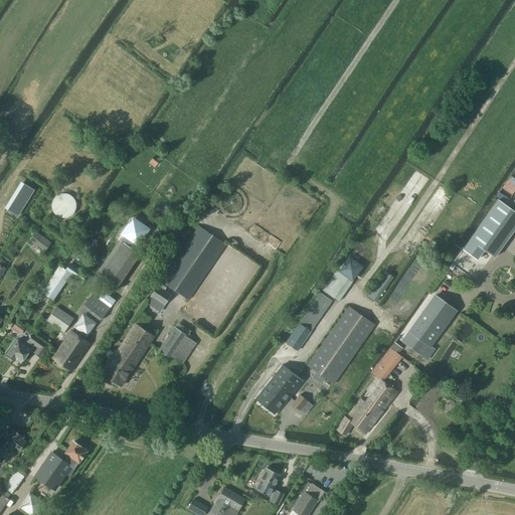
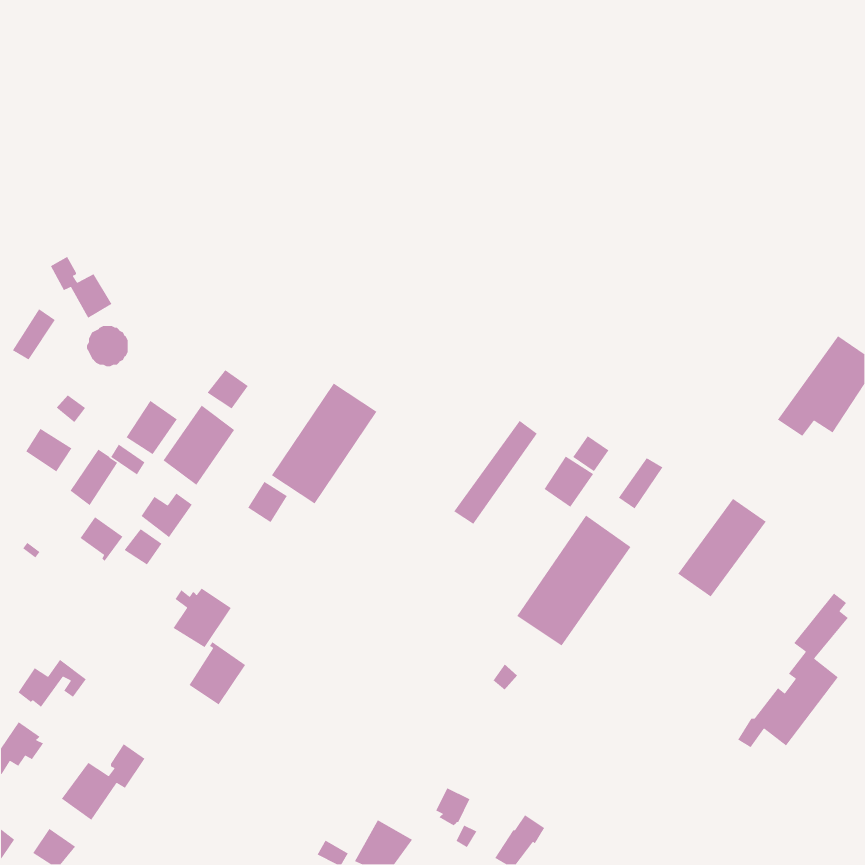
building: none -> [50,256,112,319]
building: none -> [125,400,178,455]
building: none -> [25,428,73,472]
building: [282,294,332,356] -> [453,420,538,525]
building: [120,323,154,361] -> [189,641,246,706]
building: [159,327,196,363] -> none
building: [52,331,90,371] -> none
building: [7,334,48,363] -> [17,659,87,708]
building: [337,342,403,435] -> [737,593,849,748]
building: [256,365,303,414] -> none

